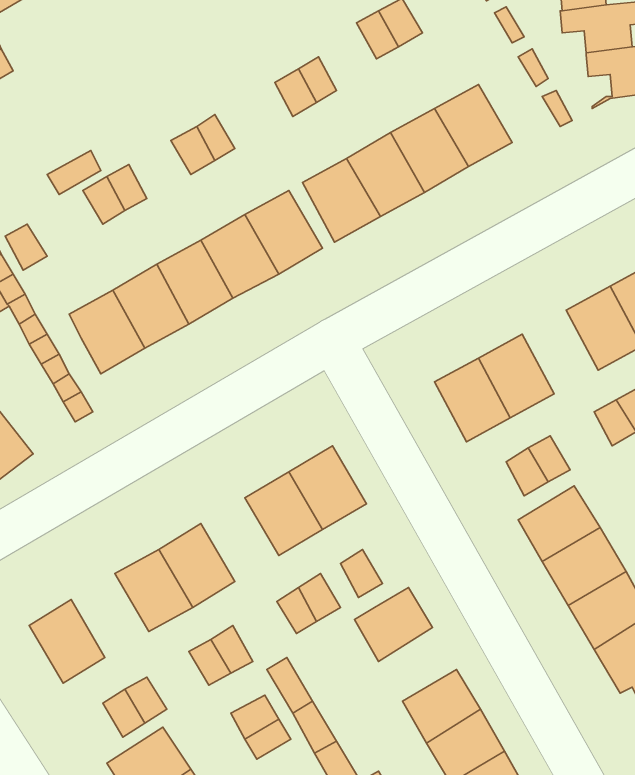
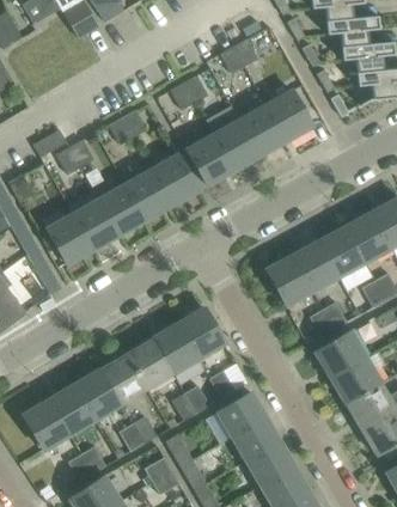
building: none -> [318,226,364,276]
building: none -> [126,338,172,389]
building: none -> [48,384,94,434]
building: none -> [232,416,279,460]

